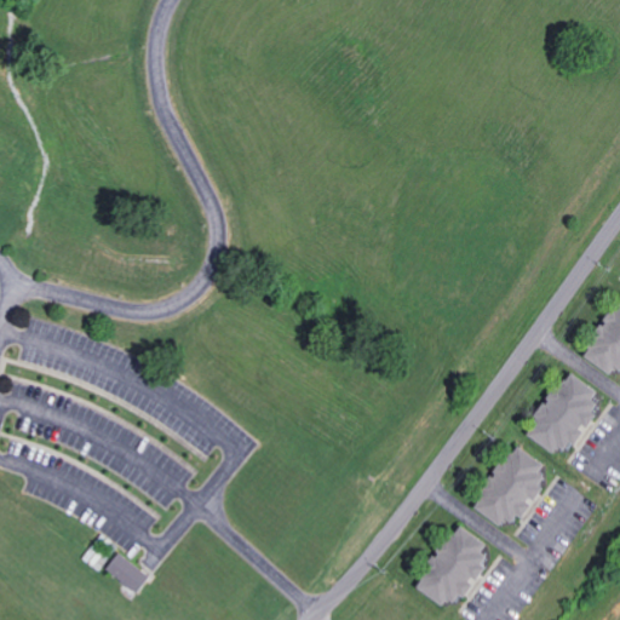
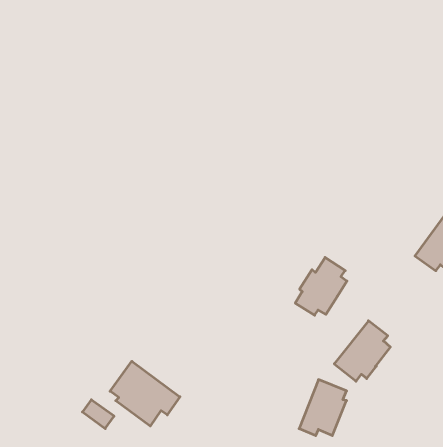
building: [527,373,598,453] -> [295,257,347,315]
building: none -> [110,361,180,426]

